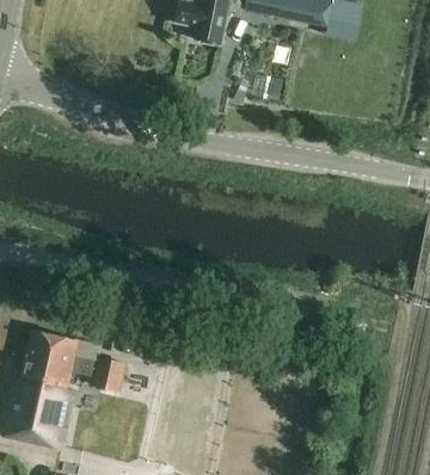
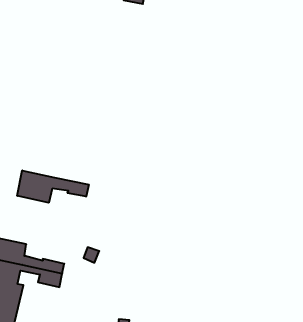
building: none -> [17,170,89,203]

